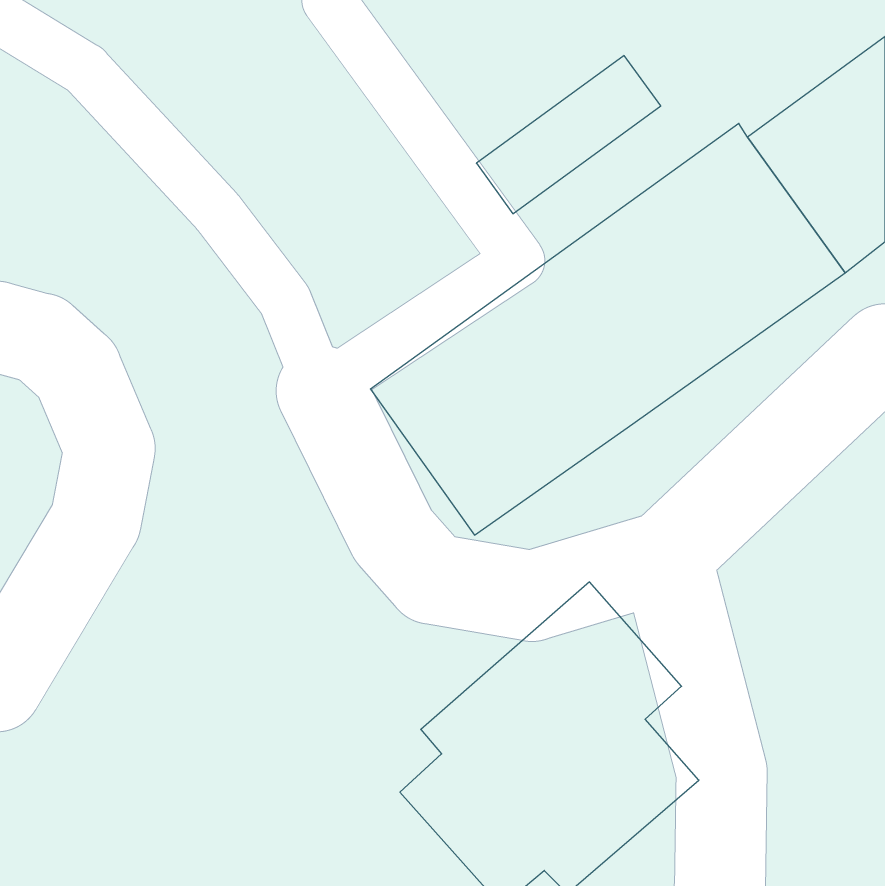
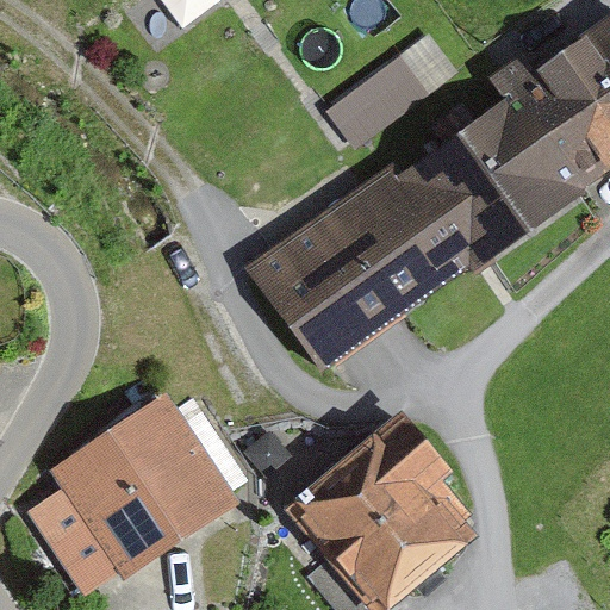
building: none -> [31,390,237,590]

